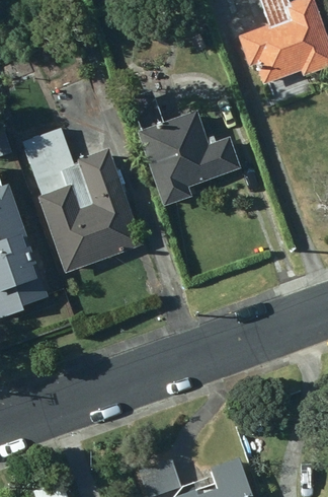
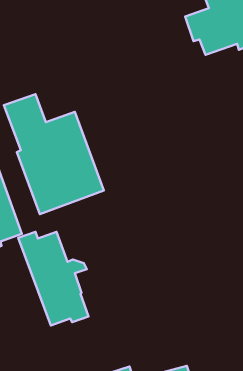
building: [131,94,241,205] -> none
building: none -> [18,232,89,326]

